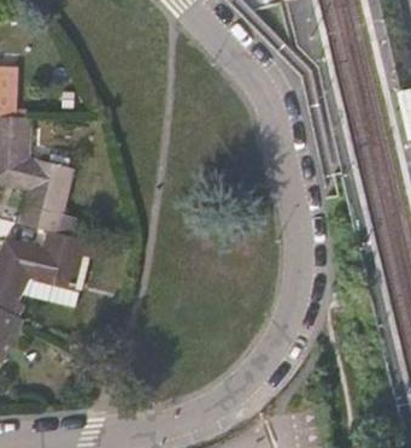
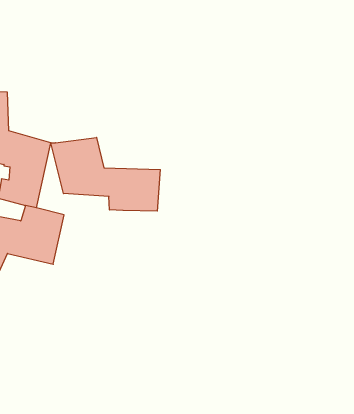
building: none -> [51,137,160,211]

